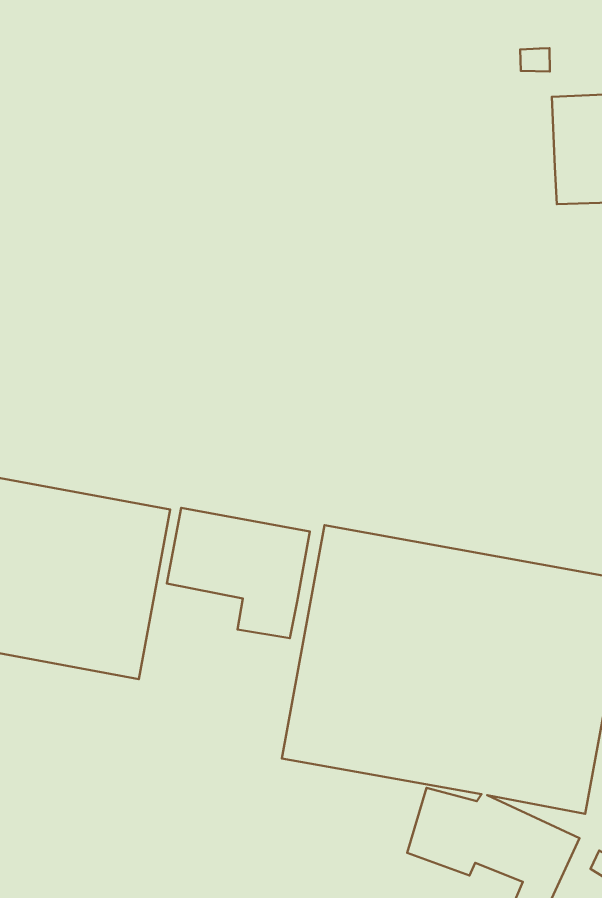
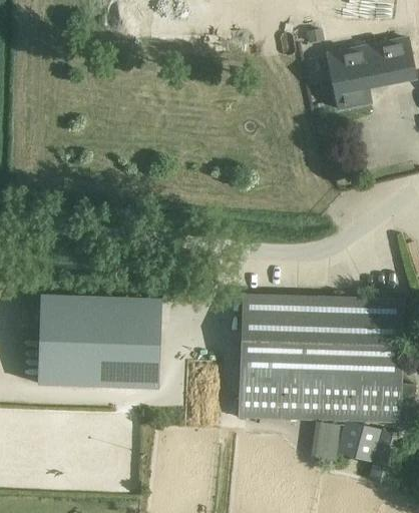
building: [167,508,310,638] -> none

